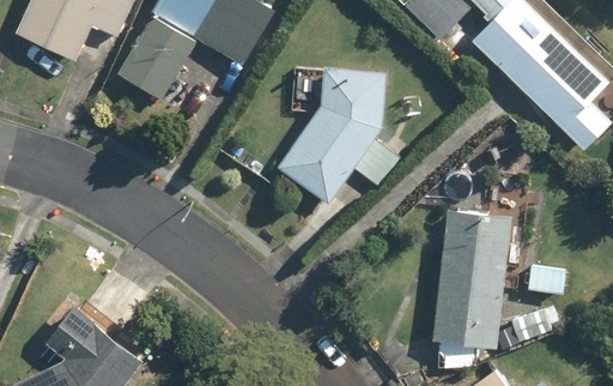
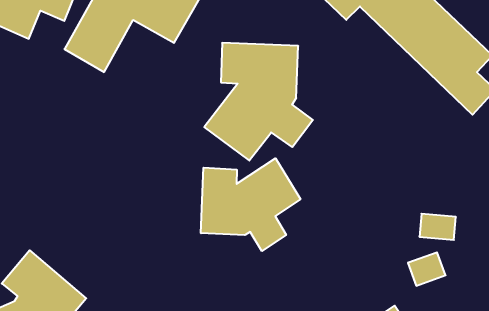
building: [432,183,528,368] -> none
building: none -> [201,158,300,251]

